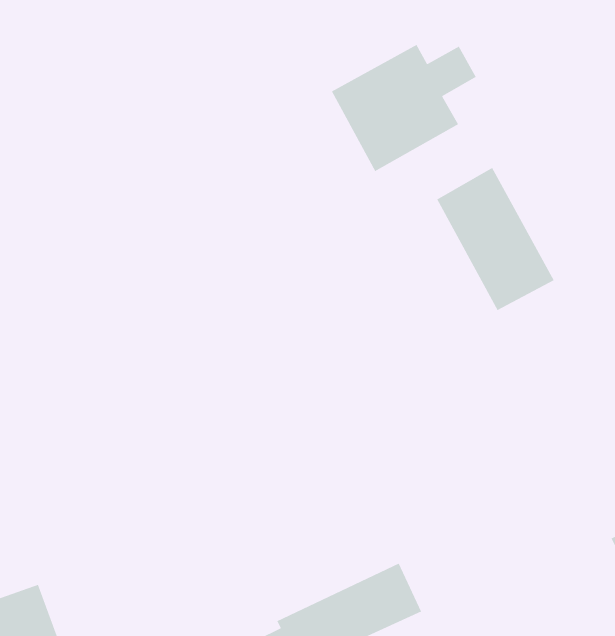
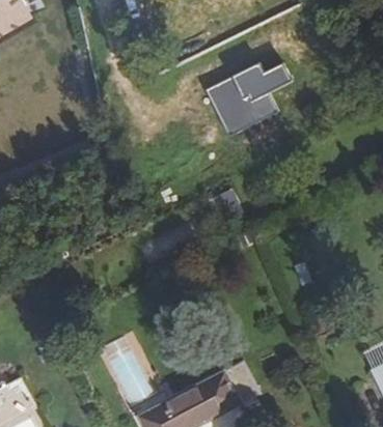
building: [436,167,555,311] -> none

